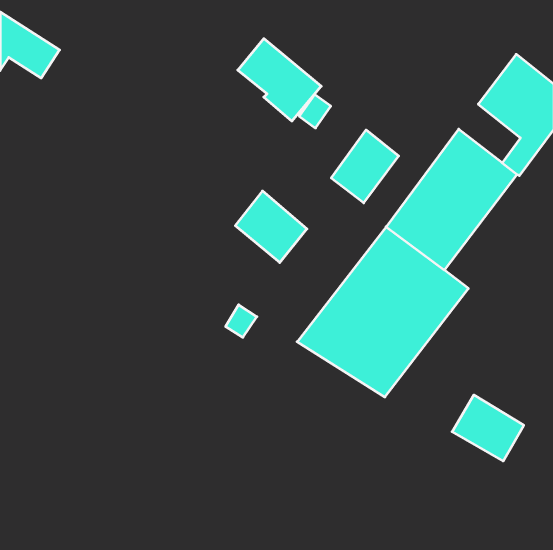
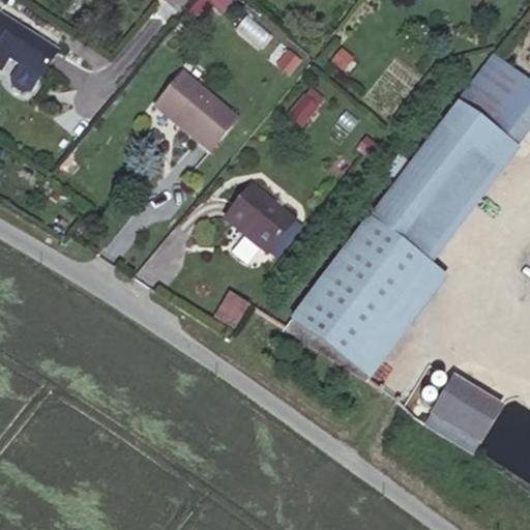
building: [238,39,321,121] -> [158,70,238,149]
building: none -> [439,99,498,155]
building: [331,130,399,203] -> none

